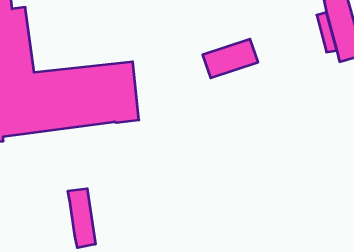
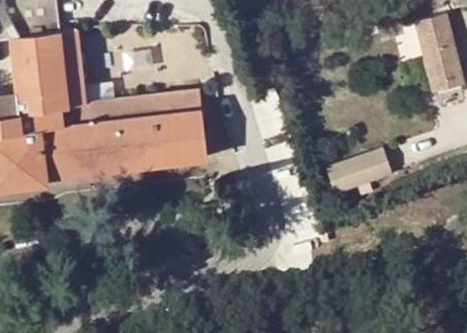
building: [203,39,258,78] -> [328,146,392,190]
building: [68,189,95,248] -> none

